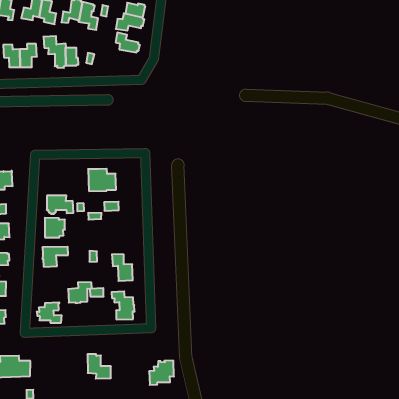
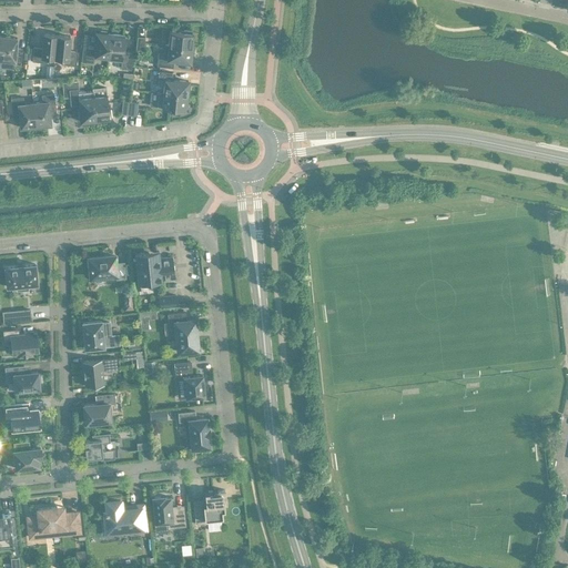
building: none -> [156,93,186,113]
building: [47,195,73,214] -> [89,257,125,283]
building: none -> [166,314,199,354]
building: [68,282,92,303] -> [83,396,114,425]
building: none -> [102,503,145,536]
building: [149,361,174,385] -> [193,491,226,526]

